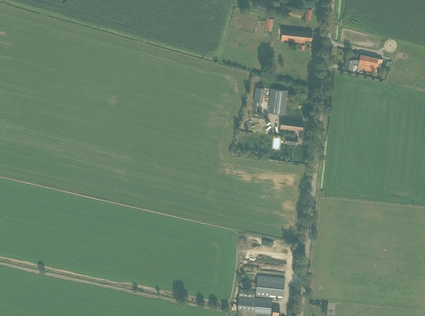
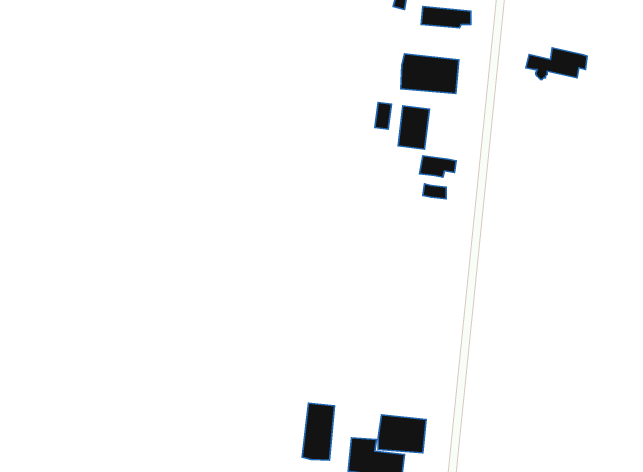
building: none -> [401,54,459,93]
building: none -> [302,403,334,460]

